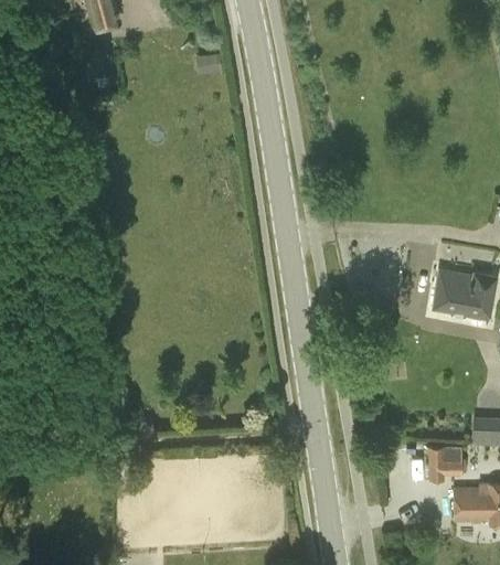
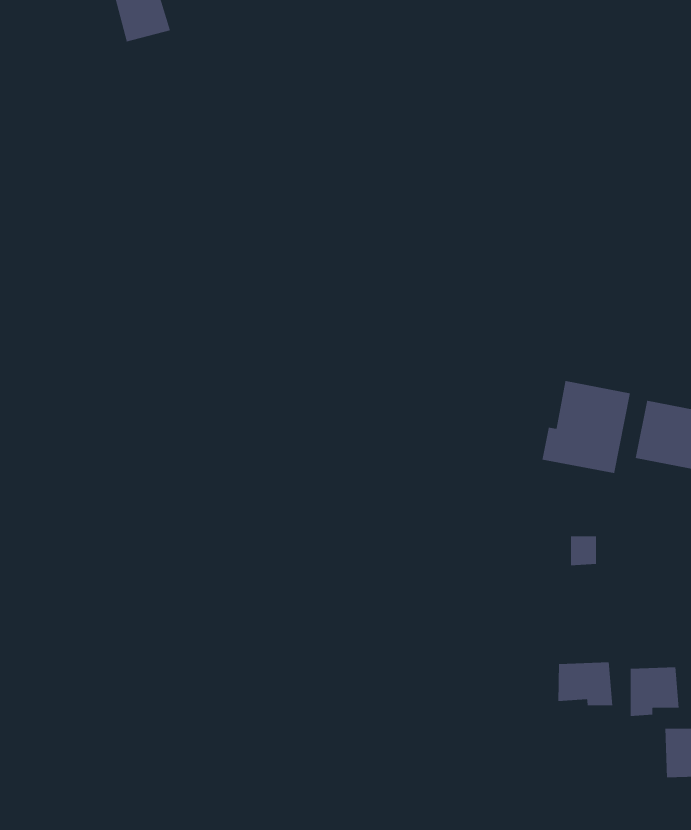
building: none -> [542,380,630,474]
building: none -> [558,662,613,706]

